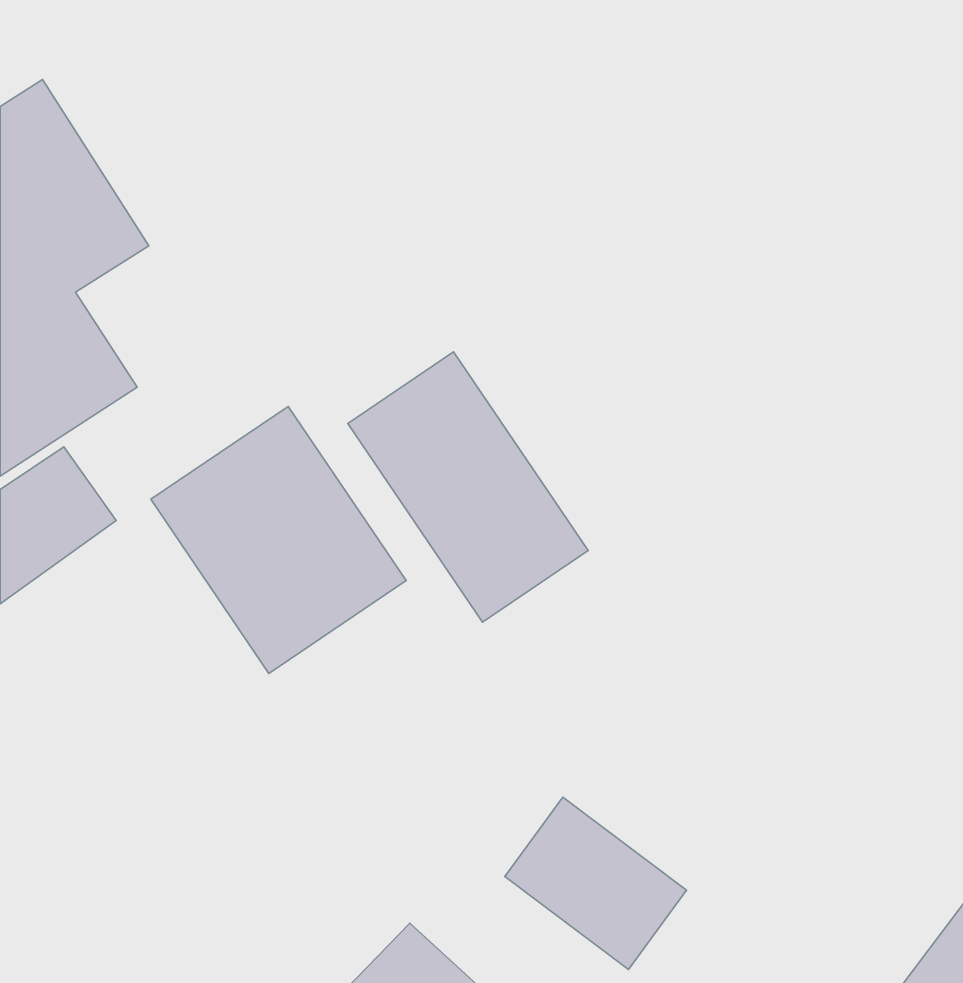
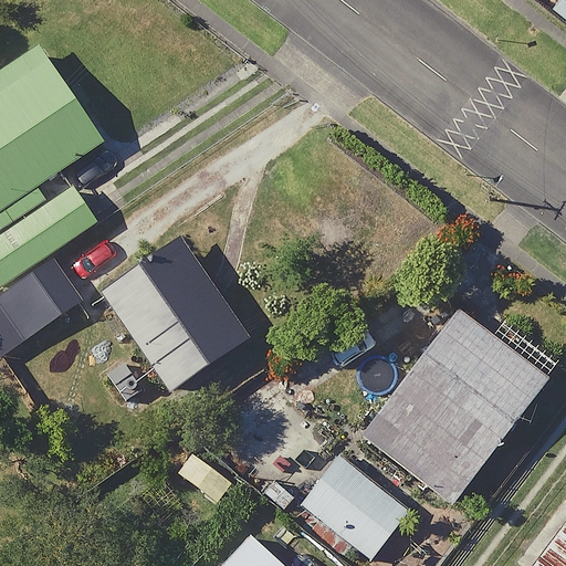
building: [348,352,588,622] -> none
building: none -> [364,310,546,500]

